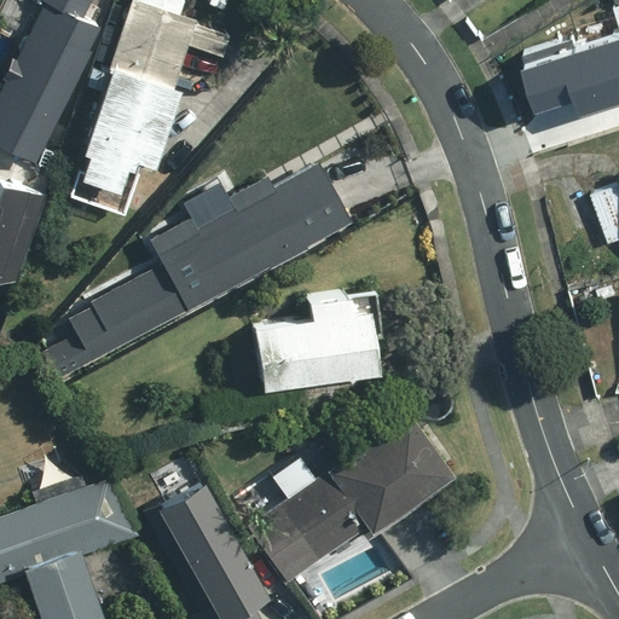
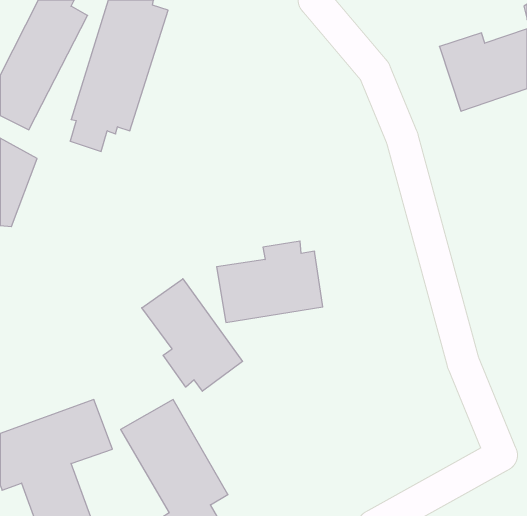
building: [45,161,348,377] -> none
building: none -> [142,279,243,391]
building: [249,413,457,585] -> none

